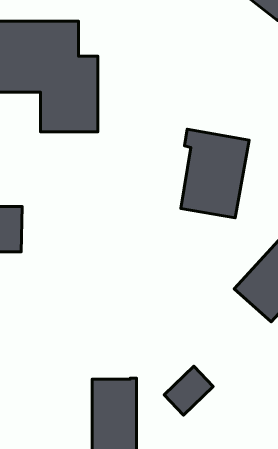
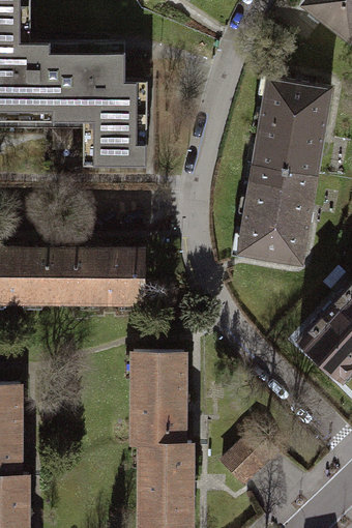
building: none -> [245,79,329,176]
building: none -> [59,251,143,302]
building: none -> [131,352,181,444]

